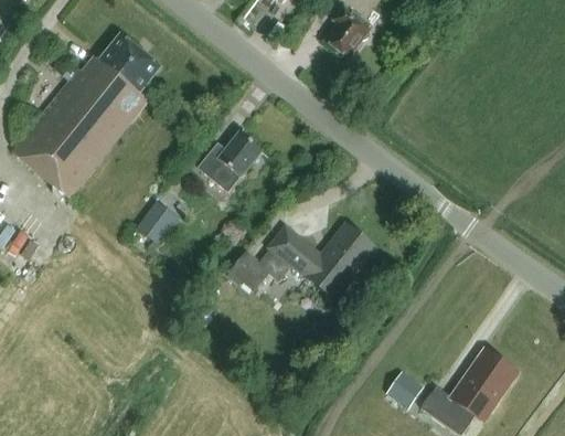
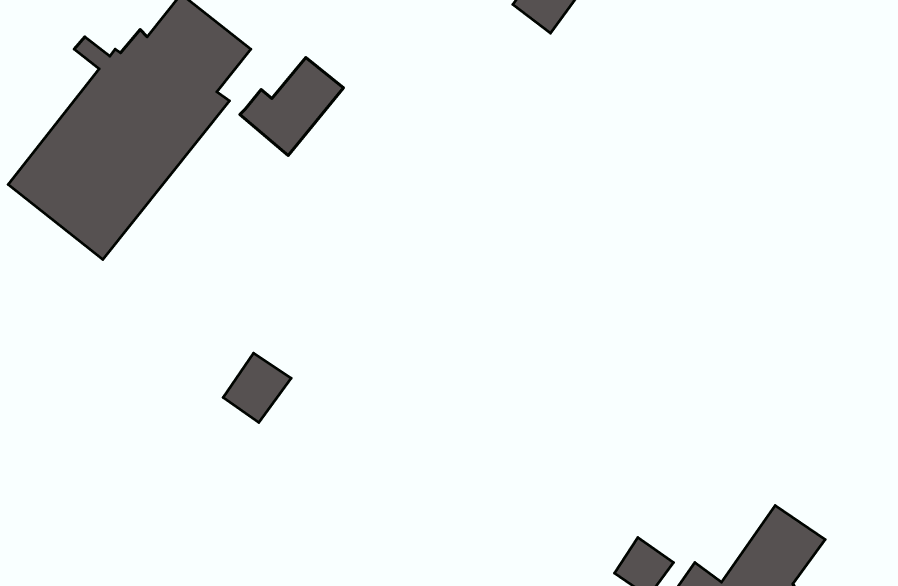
building: [198,129,262,190] -> [240,58,343,156]
building: [136,200,178,243] -> [223,353,291,423]
building: [227,226,371,297] -> none

